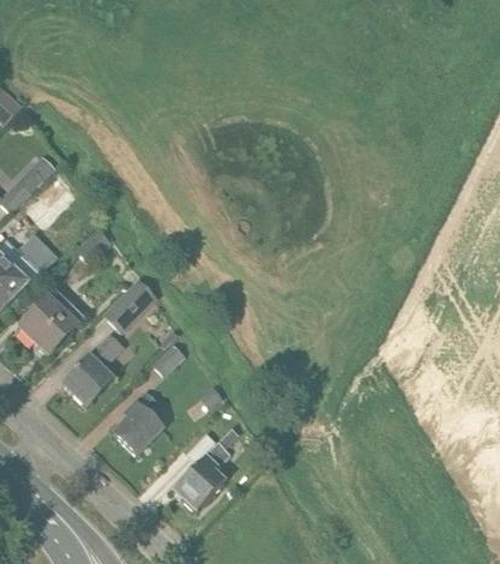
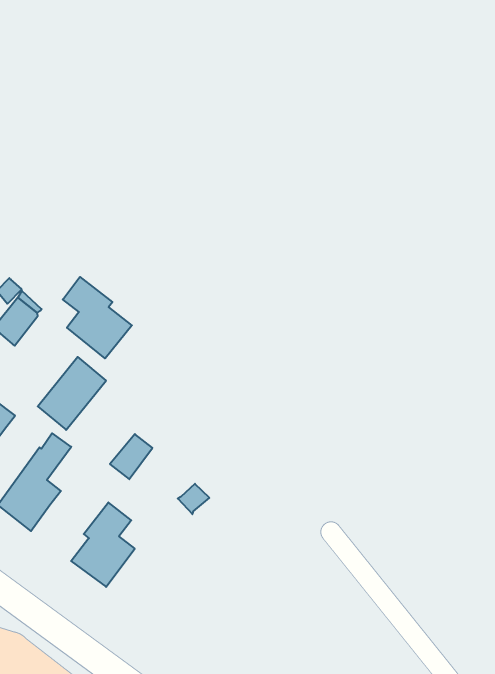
building: none -> [63,277,132,358]
building: [173,427,239,511] -> none

